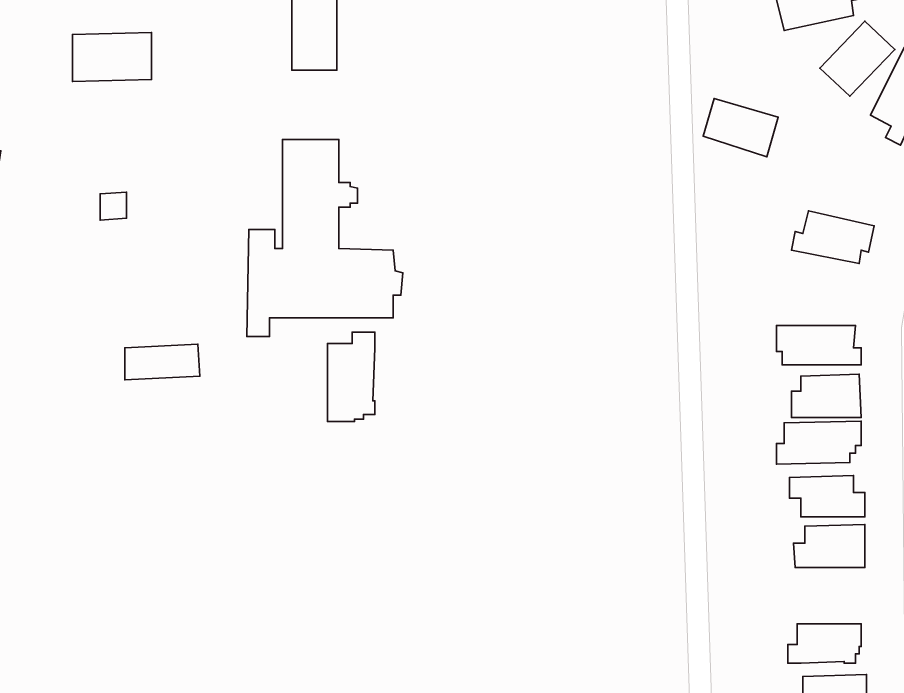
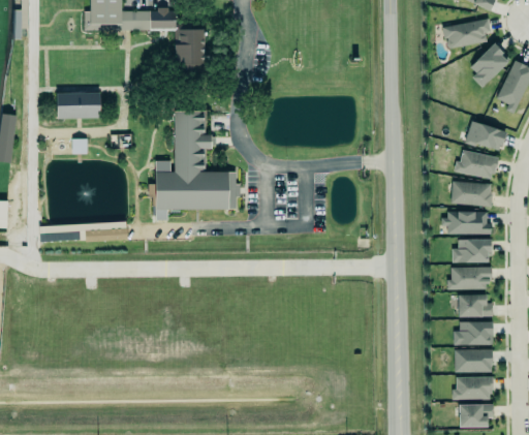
building: [72,33,151,81] -> [58,92,101,119]
building: [703,99,778,157] -> [466,121,507,153]
building: none -> [450,179,492,205]
building: [327,332,375,422] -> none
building: none -> [454,347,492,371]

